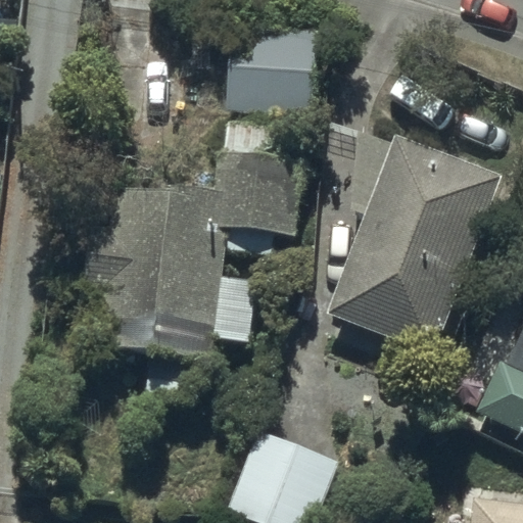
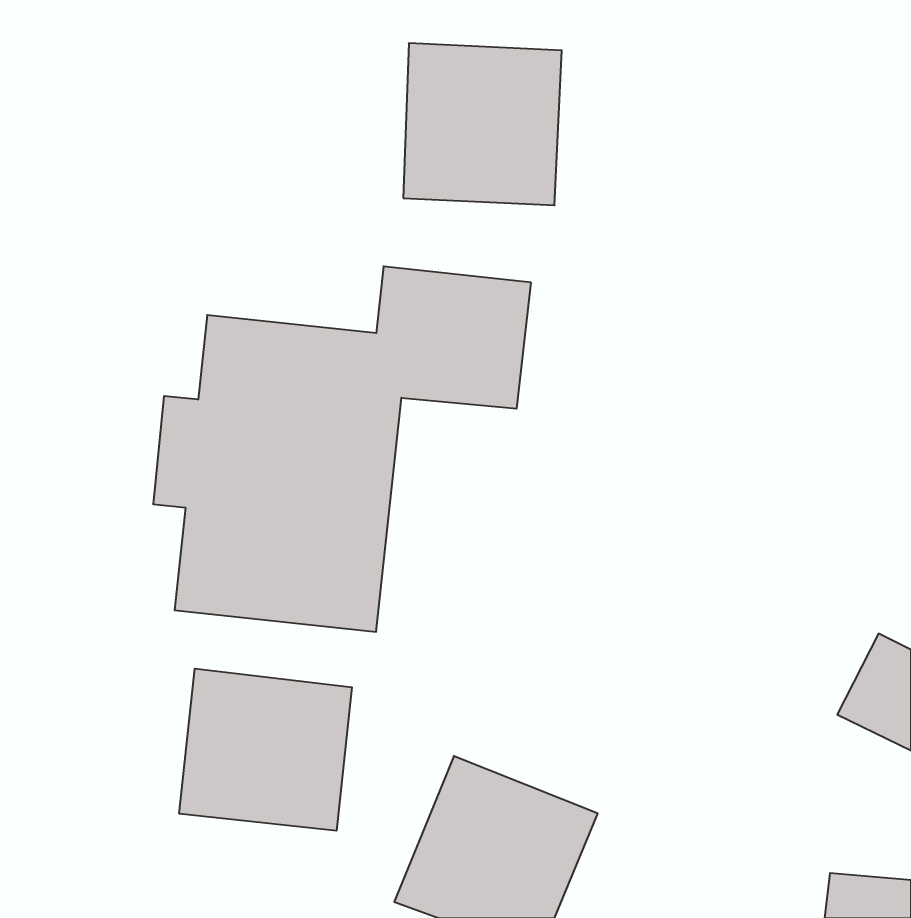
building: [327,136,502,352] -> none
building: none -> [179,669,352,831]

